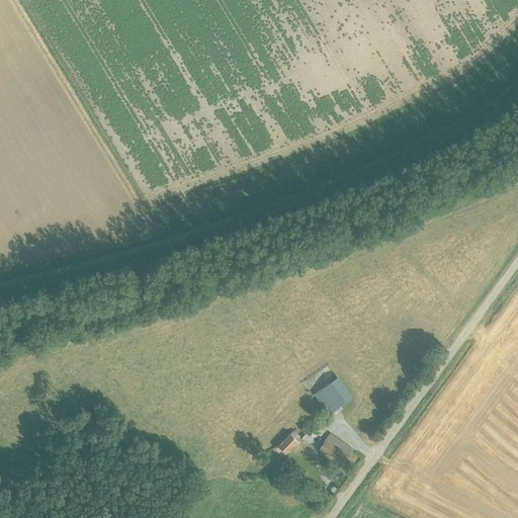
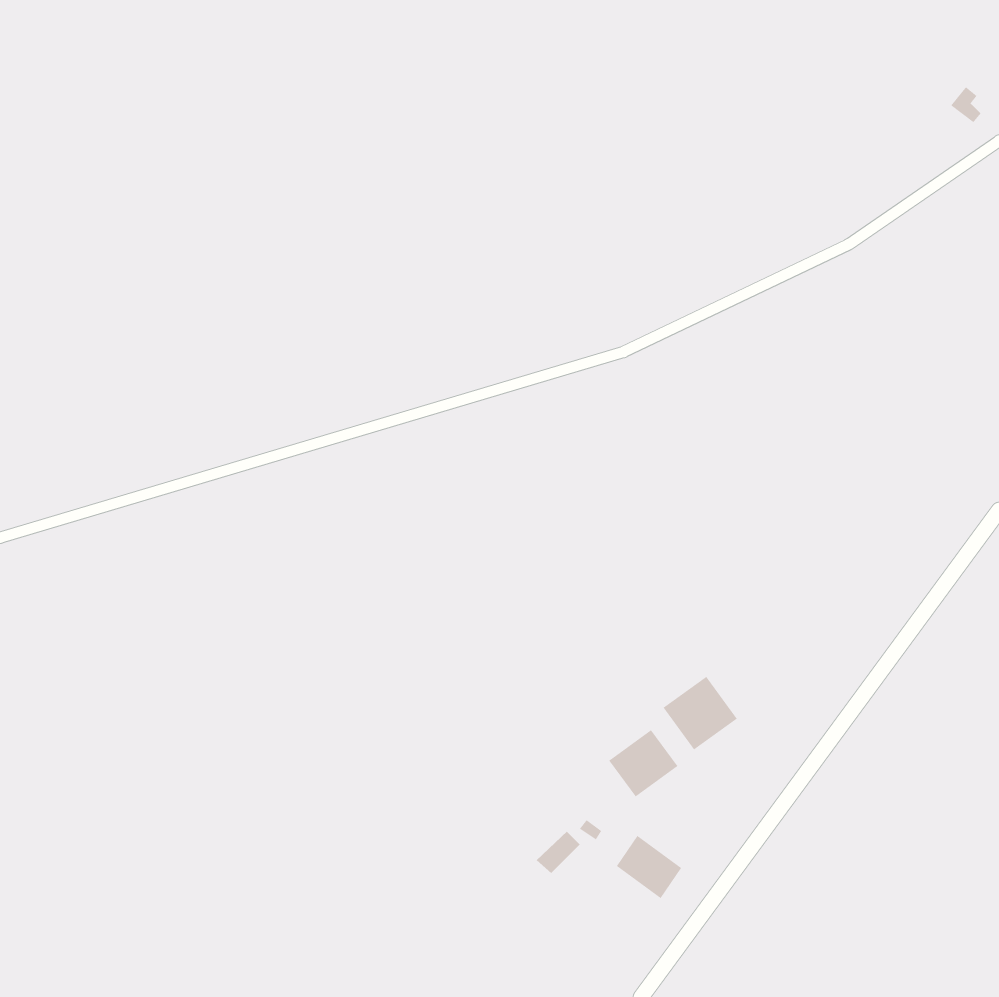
building: none -> [662,676,738,751]

